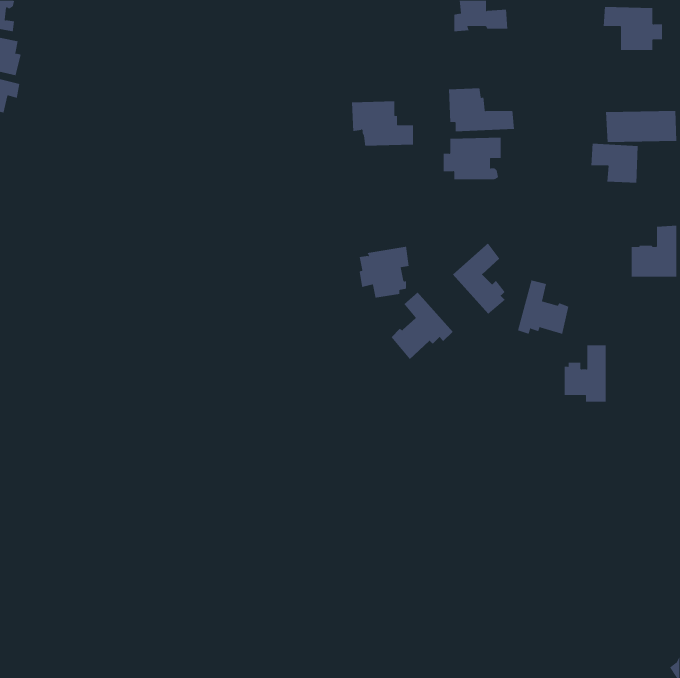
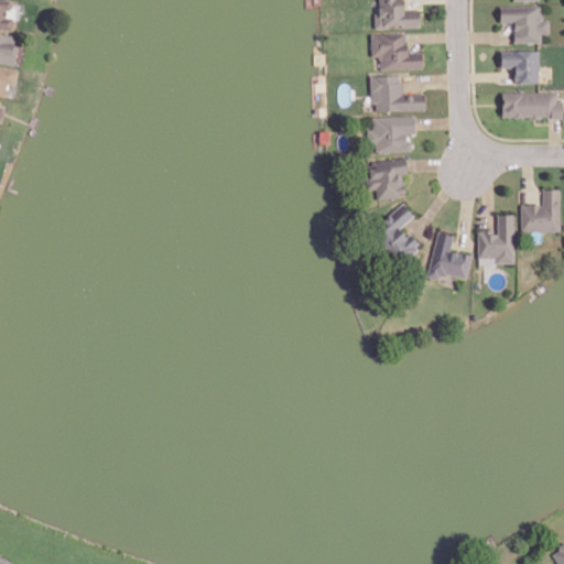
building: [351,101,414,146] -> [370,32,422,69]
building: [590,143,638,183] -> [499,52,539,85]
building: [359,246,410,298] -> [365,156,406,199]
building: [391,292,453,360] -> none
building: [564,345,607,402] -> [478,215,513,262]

